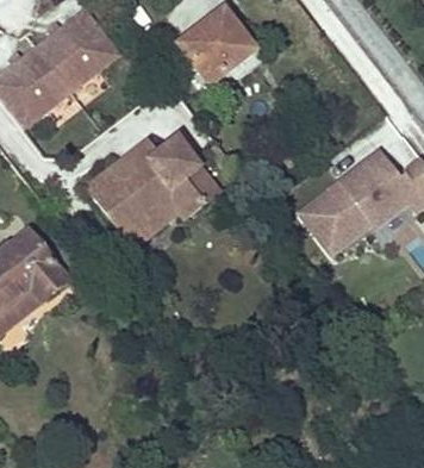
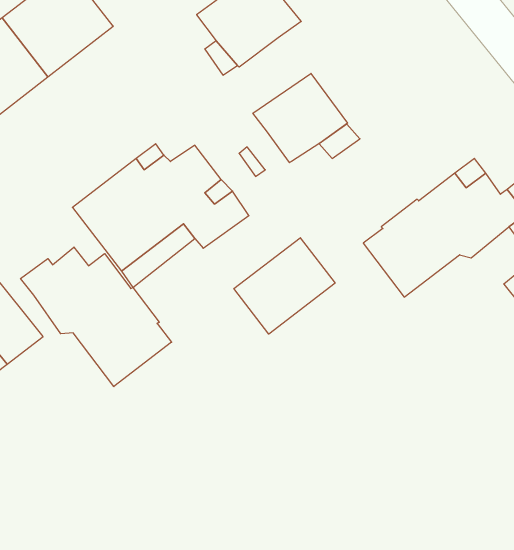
building: none -> [253,73,348,163]
building: none -> [234,238,335,334]
building: none -> [21,247,172,387]

